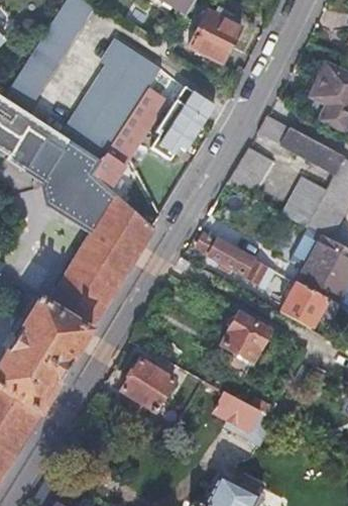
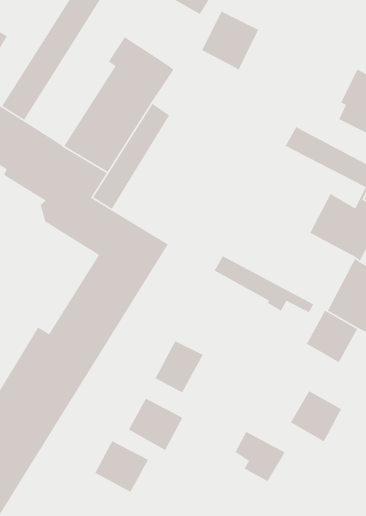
building: [139,87,201,160] -> none
building: [235,150,271,195] -> none
building: none -> [155,340,204,393]
building: [223,314,270,362] -> [290,390,342,442]
building: none -> [94,440,149,493]

